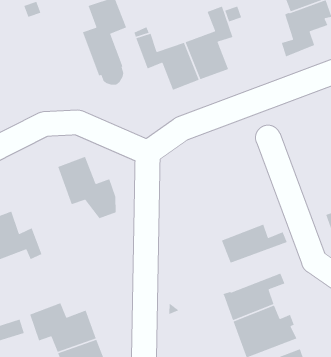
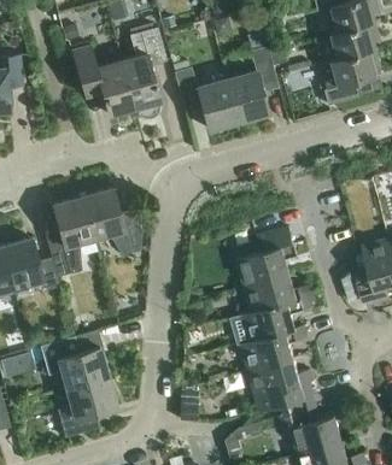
building: none -> [72,46,134,116]
building: none -> [47,198,94,273]
building: none -> [238,228,298,288]
building: none -> [232,296,317,346]

